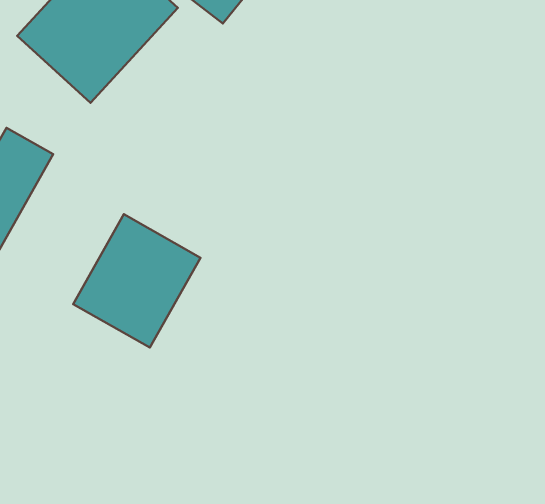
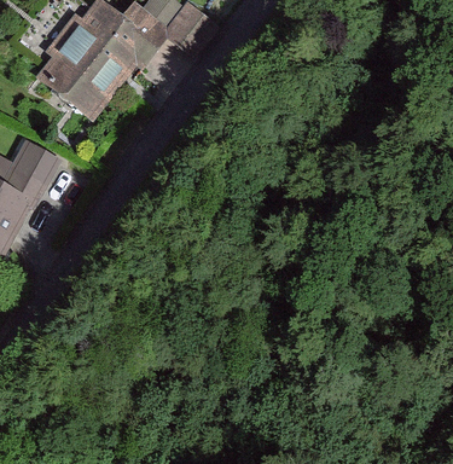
building: [73,214,201,348] -> none

